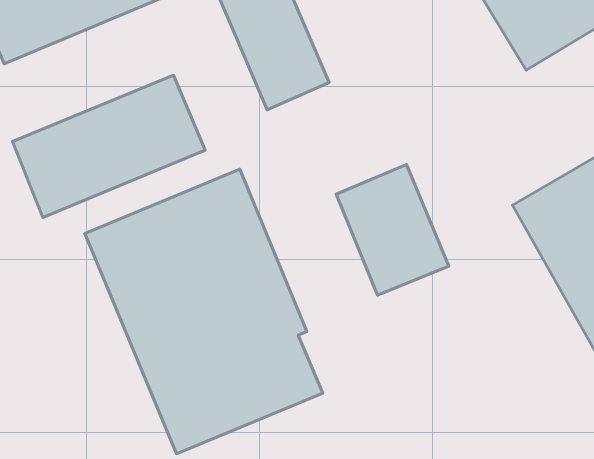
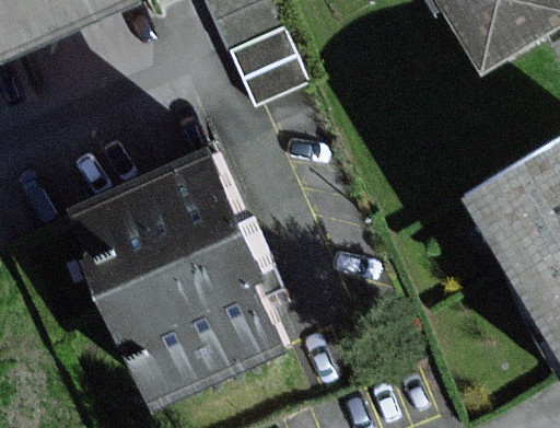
building: [12,75,205,218] -> none
building: [336,165,449,295] -> none

